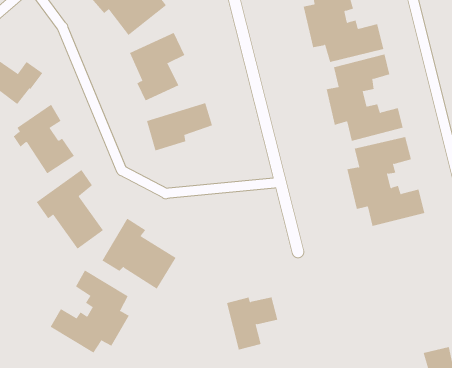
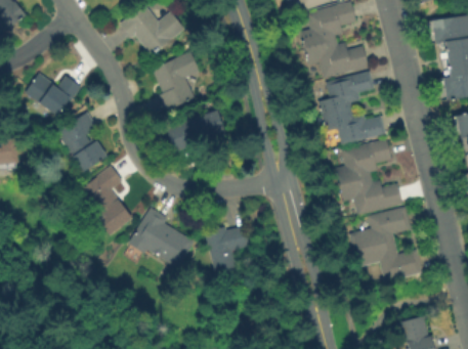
building: none -> [350,208,421,282]
building: [50,270,130,353] -> none
building: [226,297,278,350] -> [206,227,250,272]

